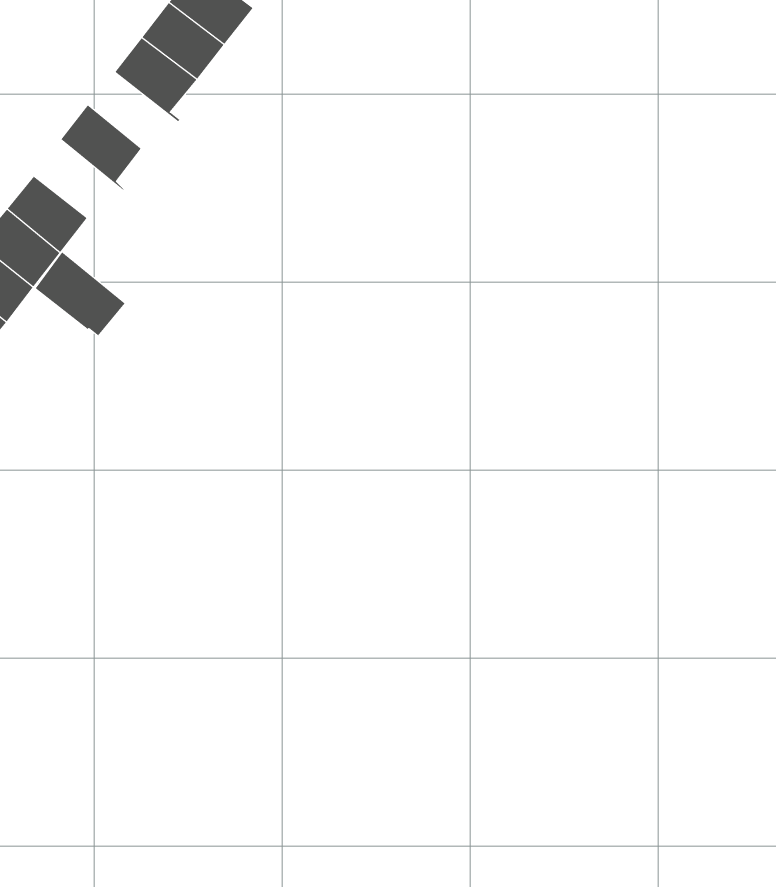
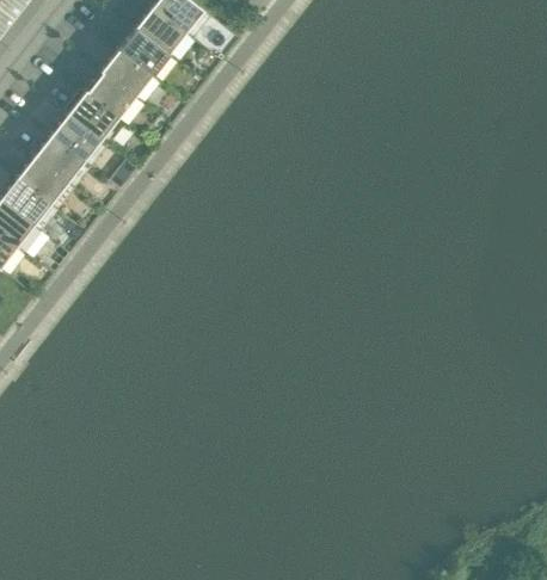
building: none -> [100,50,156,103]
building: [35,251,125,336] -> [67,92,123,144]

